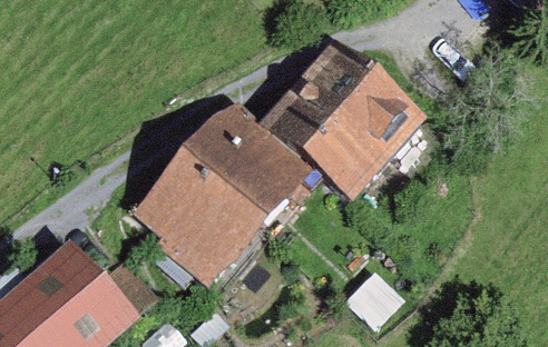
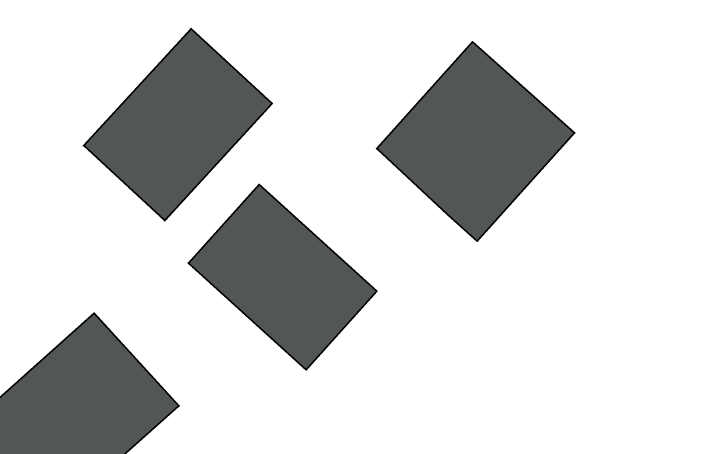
building: none -> [84,29,272,221]
building: [187,96,321,226] -> none

